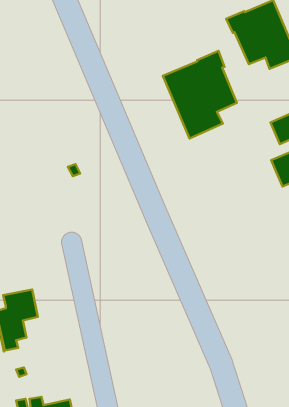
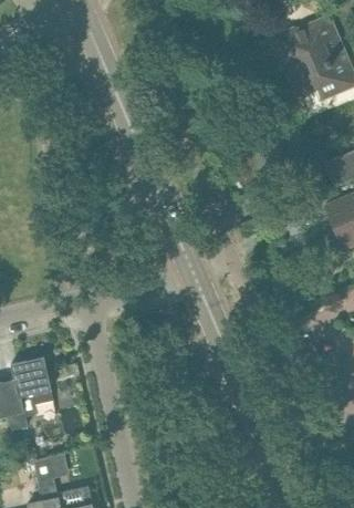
building: [163,51,237,138] -> none
building: none -> [37,452,70,483]

